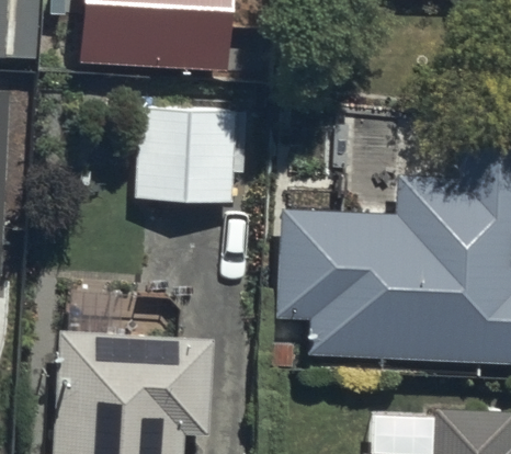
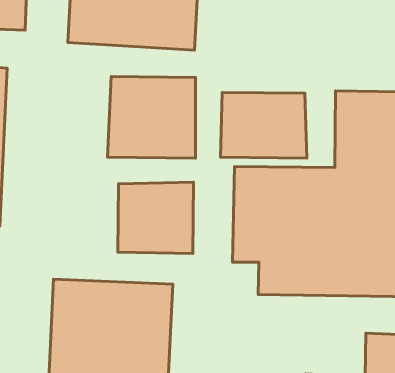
building: none -> [221,92,307,158]
building: none -> [118,182,194,254]

